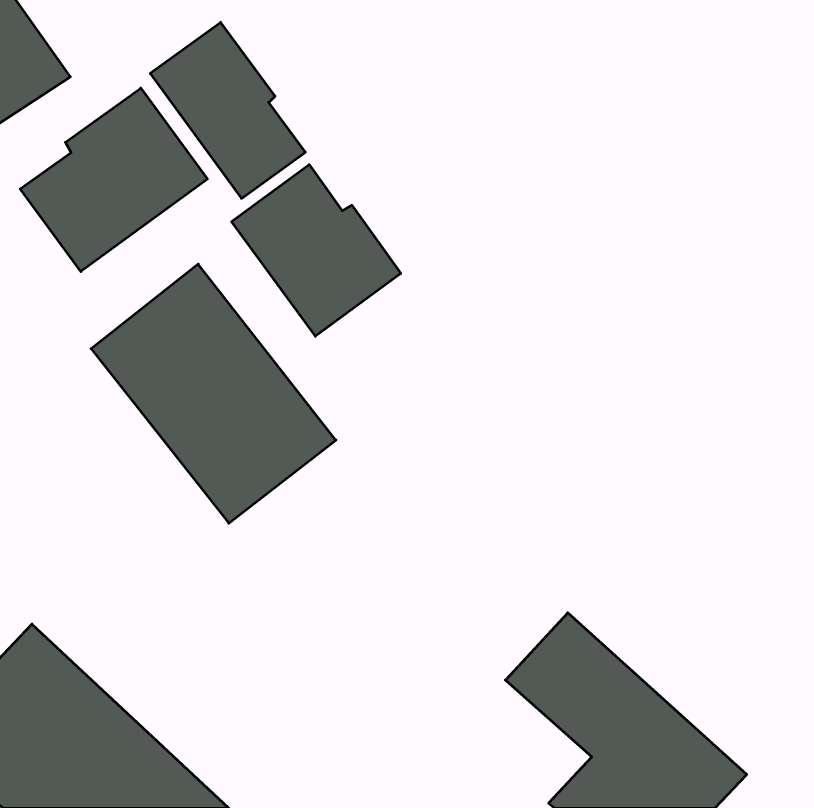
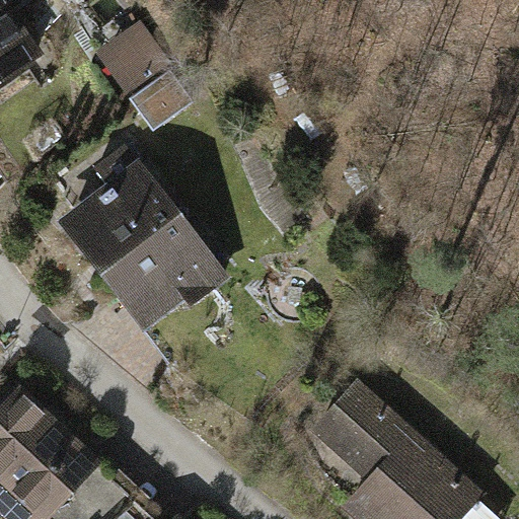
building: [20,88,207,272] -> none
building: [232,165,401,336] -> none

